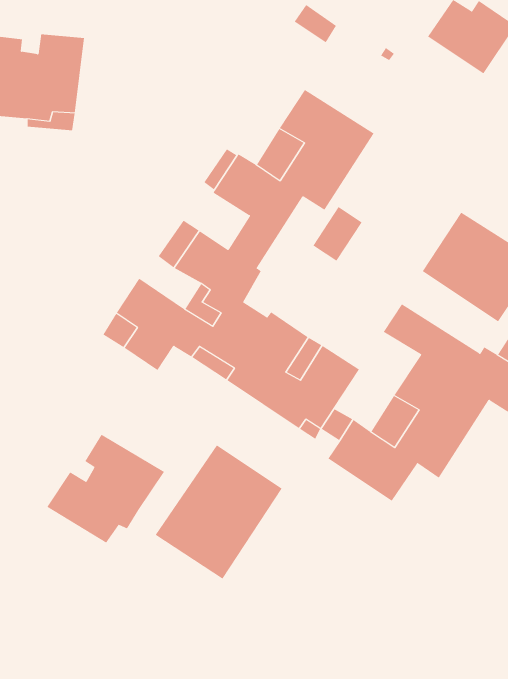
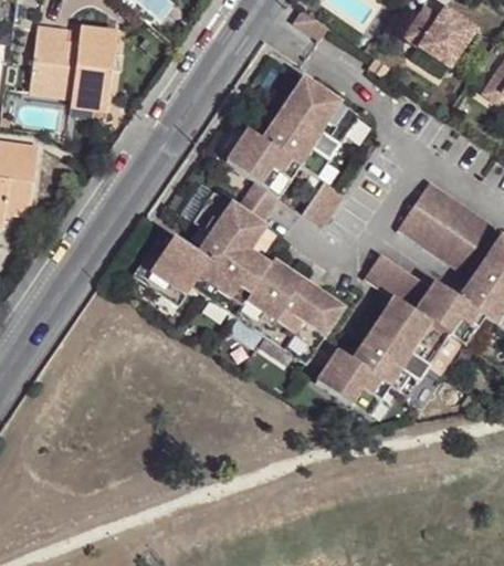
building: [47,434,165,544] -> none
building: [155,445,282,580] -> none

